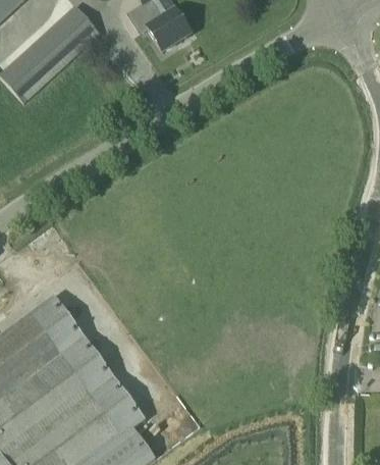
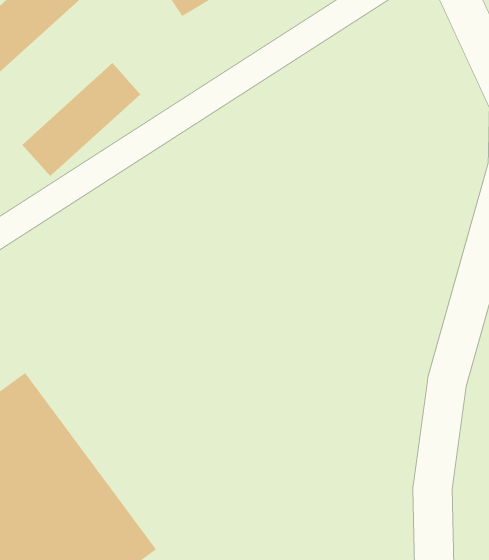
building: none -> [21,62,141,177]

